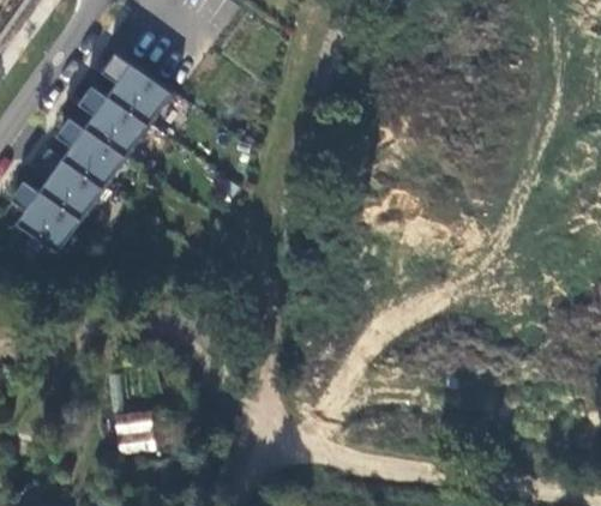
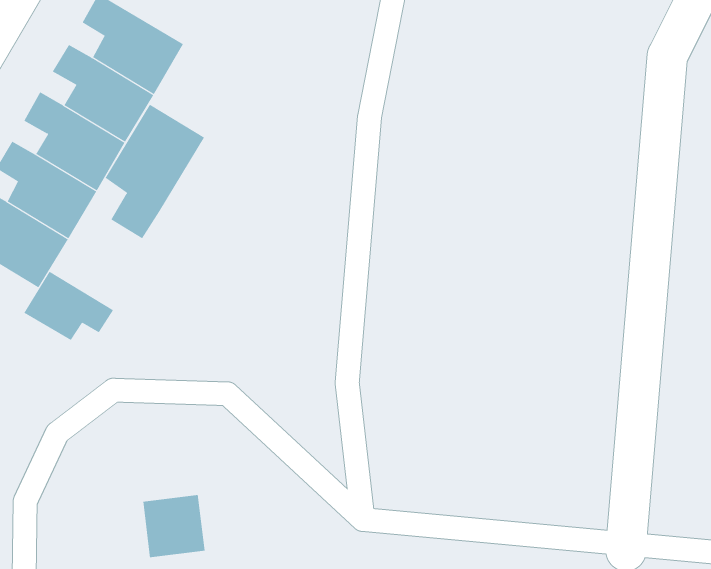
building: none -> [105,104,205,239]
building: none -> [24,271,114,341]

